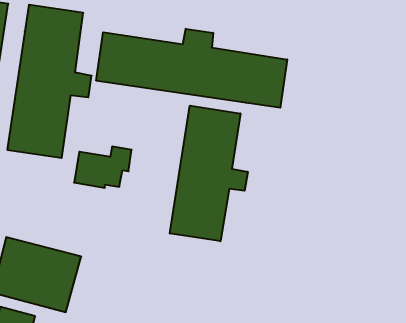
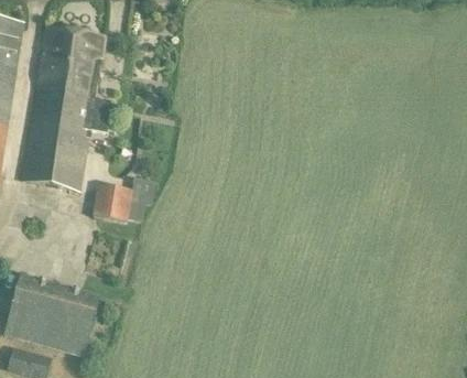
building: [96,29,287,108] -> none
building: [170,106,248,241] -> none

